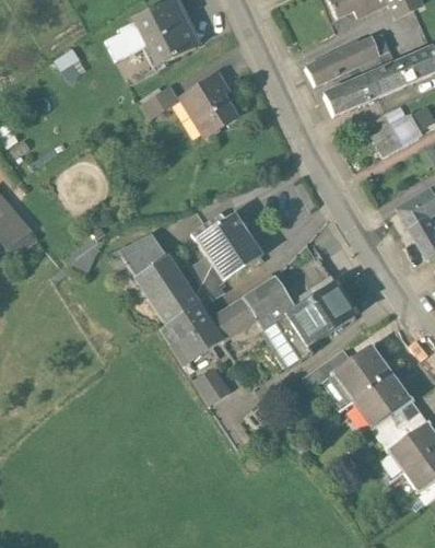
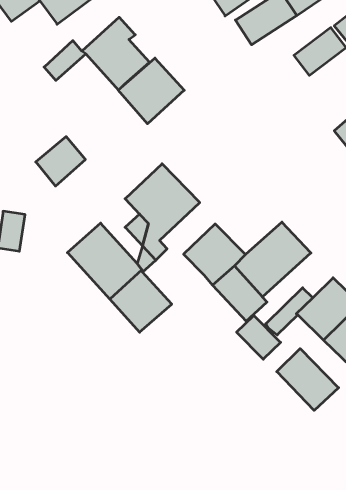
building: none -> [118,58,184,124]
building: [122,232,168,276] -> [36,137,85,186]
building: [207,298,255,341] -> none
building: none -> [237,315,281,359]
building: [195,365,231,400] -> none
building: none -> [277,349,339,410]

